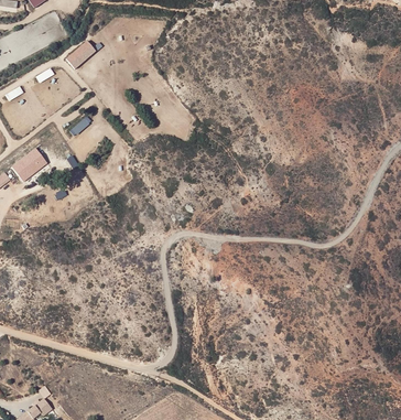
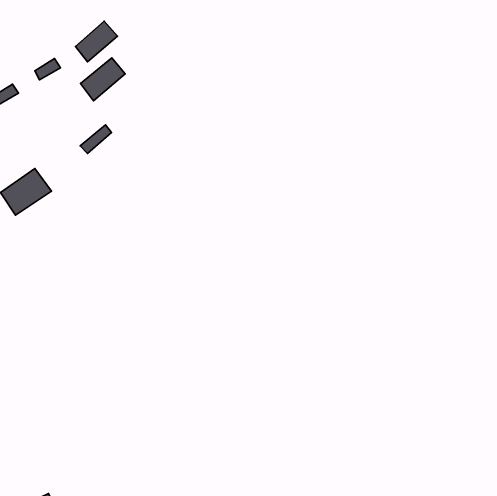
building: none -> [80,58,125,101]

